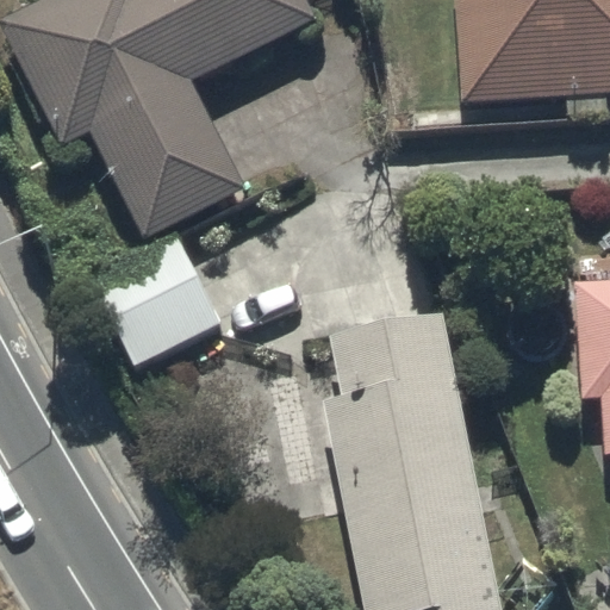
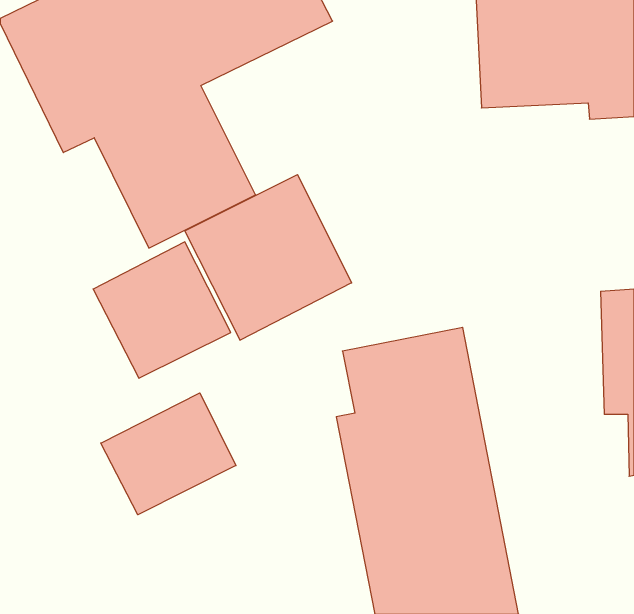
building: none -> [185,175,352,340]
building: none -> [101,393,236,515]

